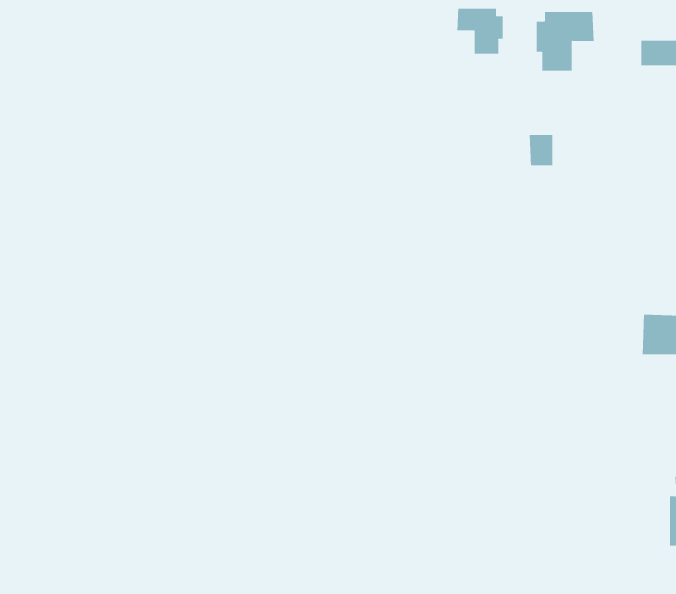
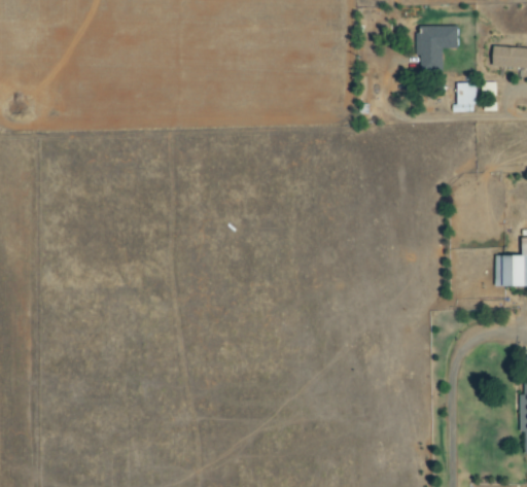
building: [457,8,503,54] -> none
building: [529,135,553,166] -> [459,82,478,106]

